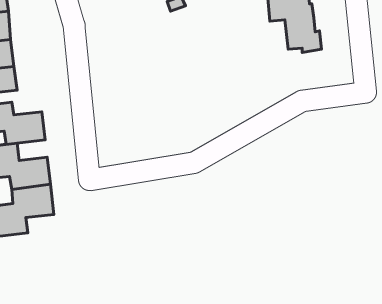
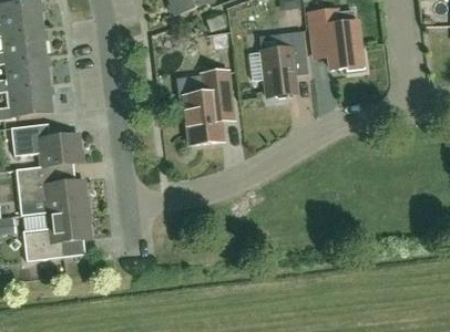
building: none -> [248,31,306,97]
building: none -> [183,71,233,145]

